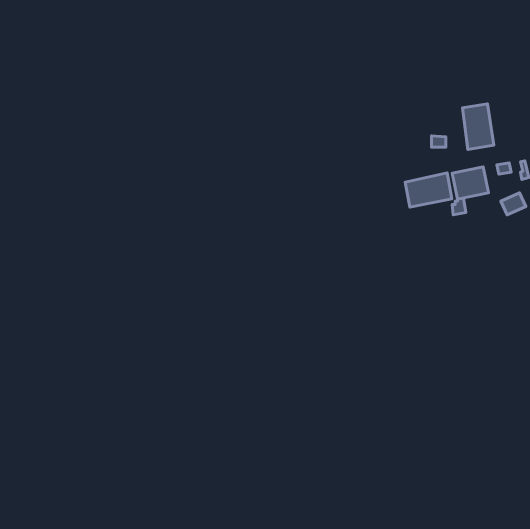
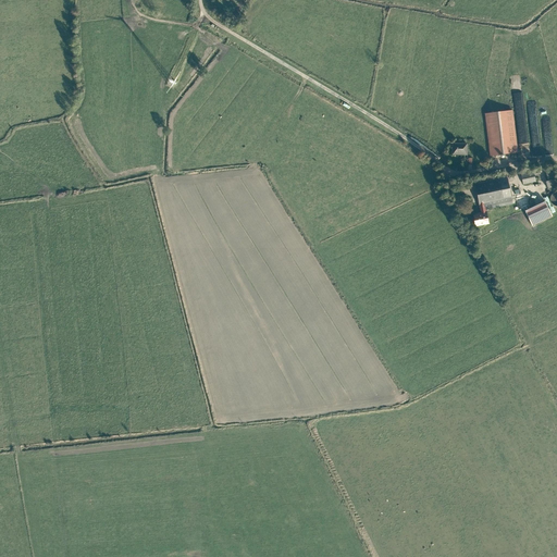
building: [405,173,452,207] -> none

